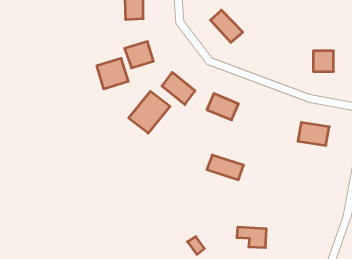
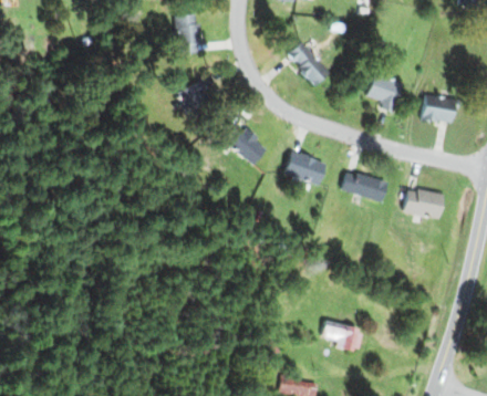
building: none -> [364,72,403,112]
building: [97,58,128,89] -> none
building: [129,91,170,133] -> none
building: [207,155,244,180] -> [340,170,387,202]

